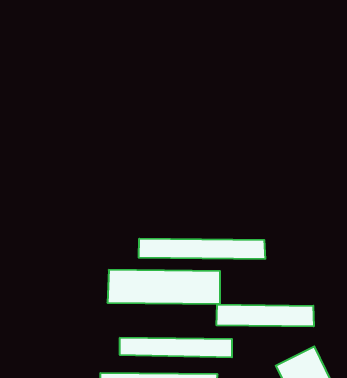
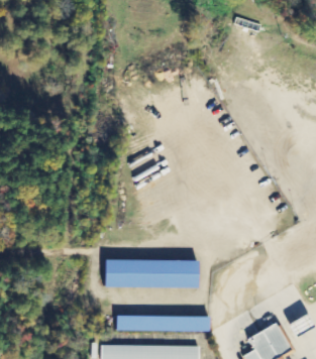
building: [139,239,265,259] -> none
building: [217,305,314,326] -> none

